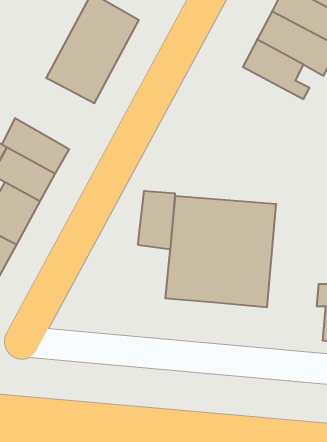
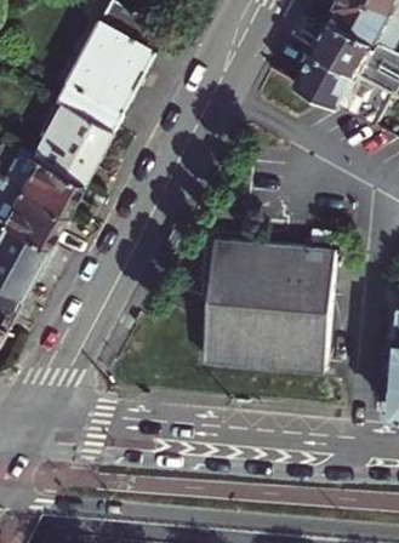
building: none -> [36,102,115,181]
building: [138,191,175,249] -> none

